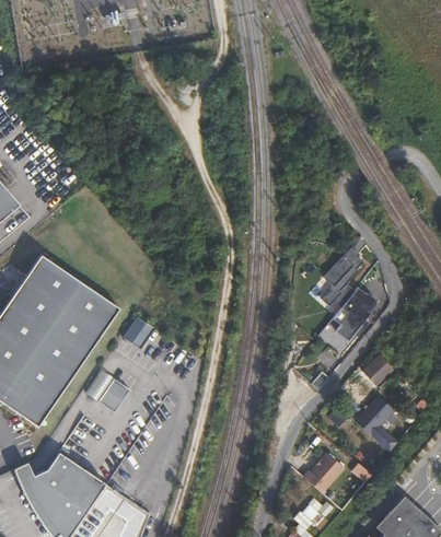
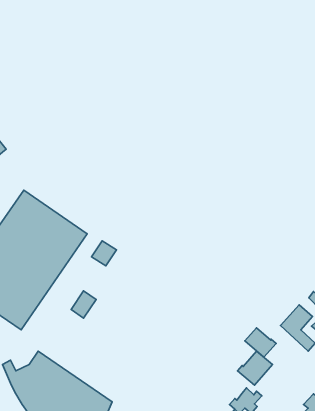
building: [320,248,374,342] -> none
building: [362,353,392,385] -> none
building: none -> [245,328,276,357]

